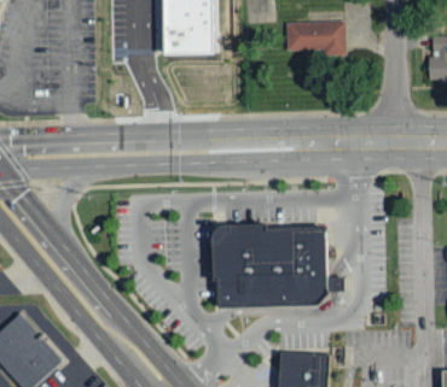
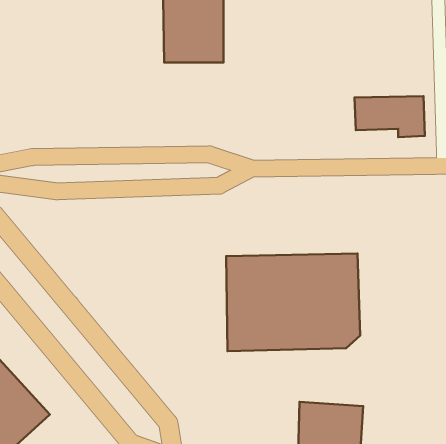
building: [285,22,346,57] -> [354,96,425,137]

